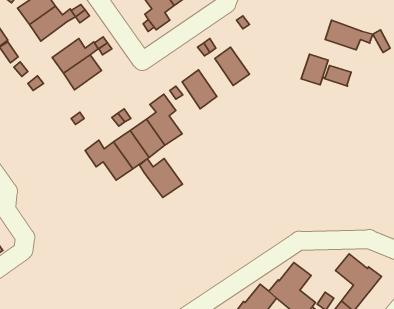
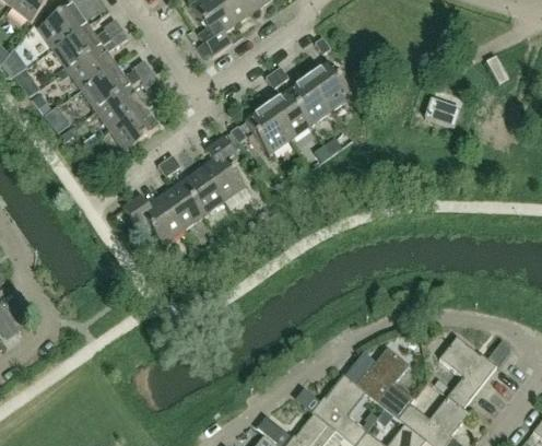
building: [325,20,373,50] -> none
building: none -> [68,45,116,90]
building: none -> [307,62,352,110]
building: [301,54,328,85] -> none
building: none -> [267,91,310,139]
building: none -> [110,106,158,151]
building: [139,158,182,198] -> none

